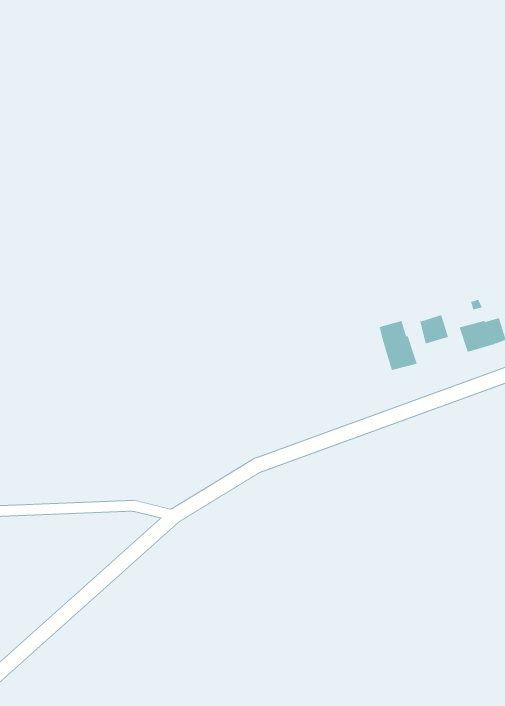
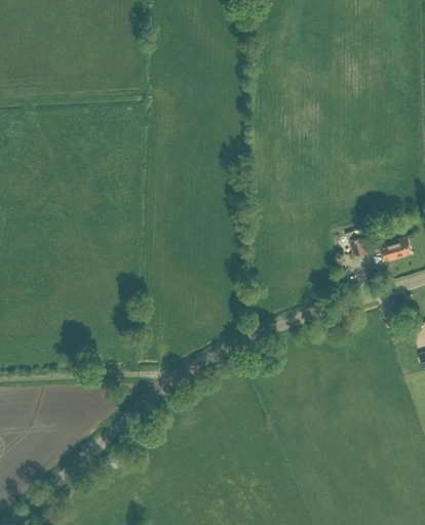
building: [379,320,417,371] -> none

